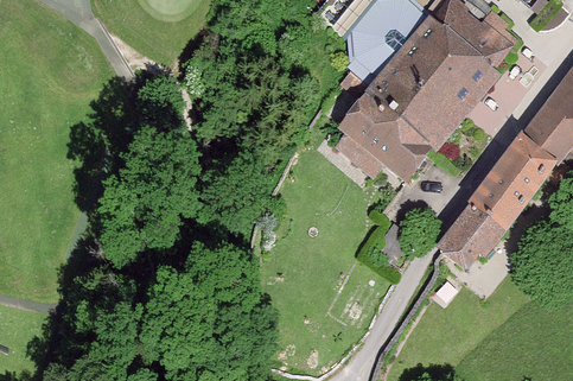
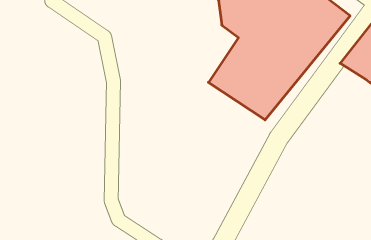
building: [441,116,562,256] -> none

